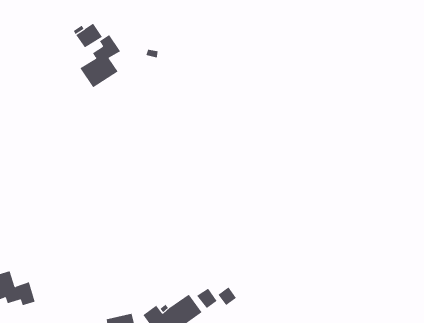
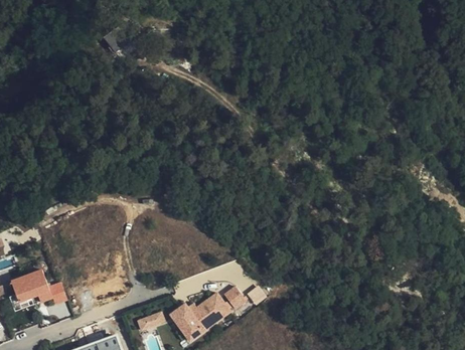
building: [79,34,121,88] -> none

